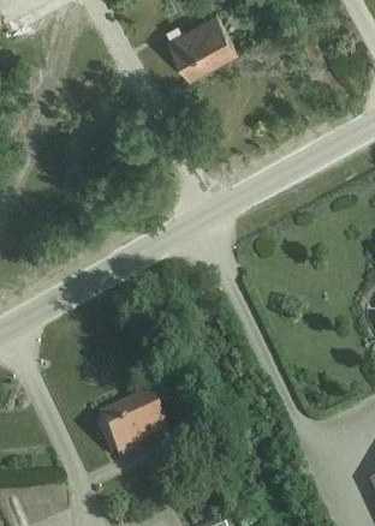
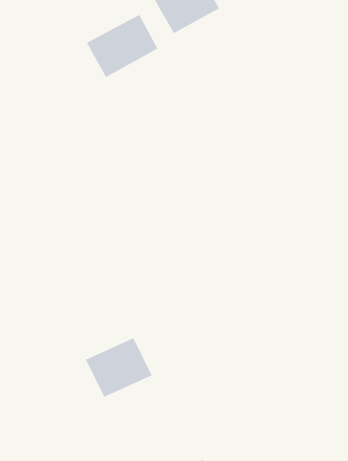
building: none -> [86,14,158,78]

